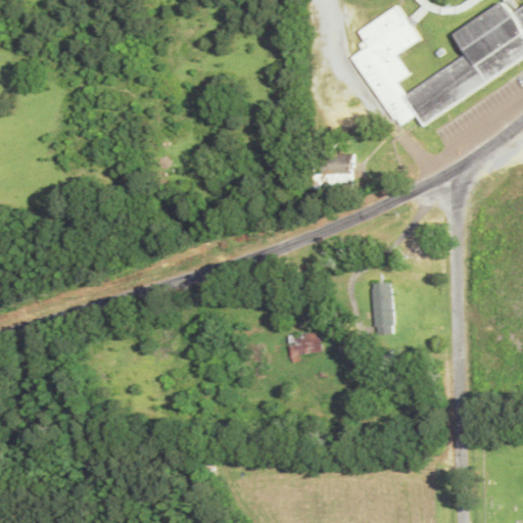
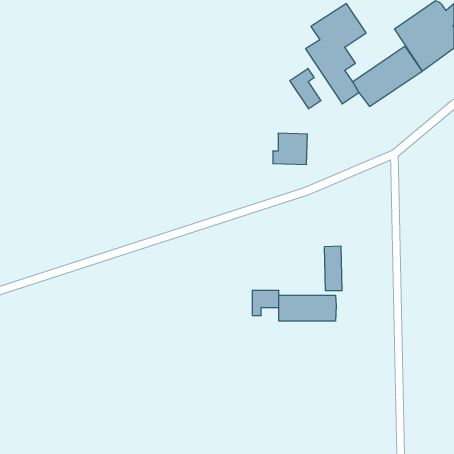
building: none -> [290,68,321,109]
building: none -> [279,295,336,321]

